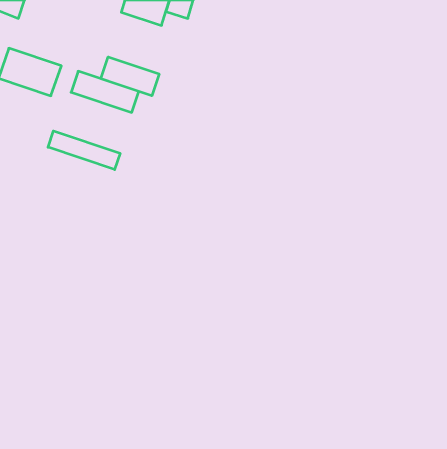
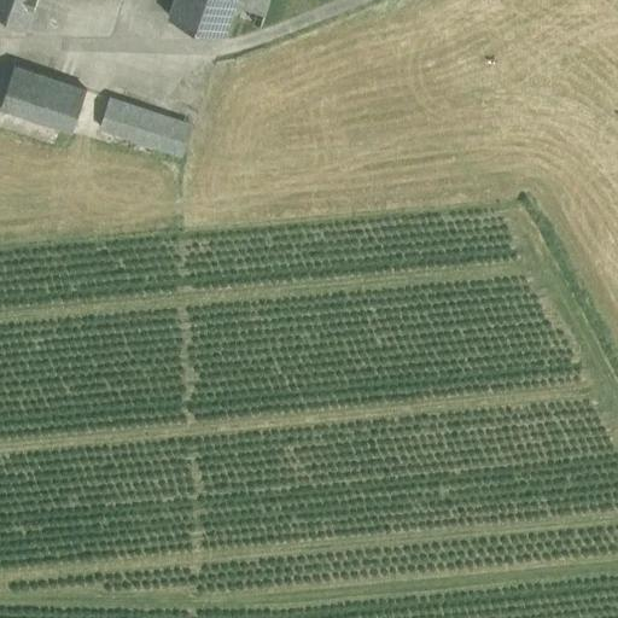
building: [101,57,159,96] -> none
building: [48,131,120,170] -> none

